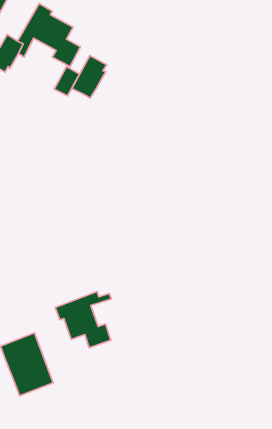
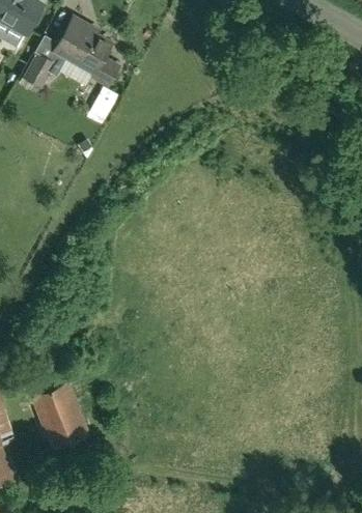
building: [72,55,107,98] -> none
building: [55,292,112,348] -> none

